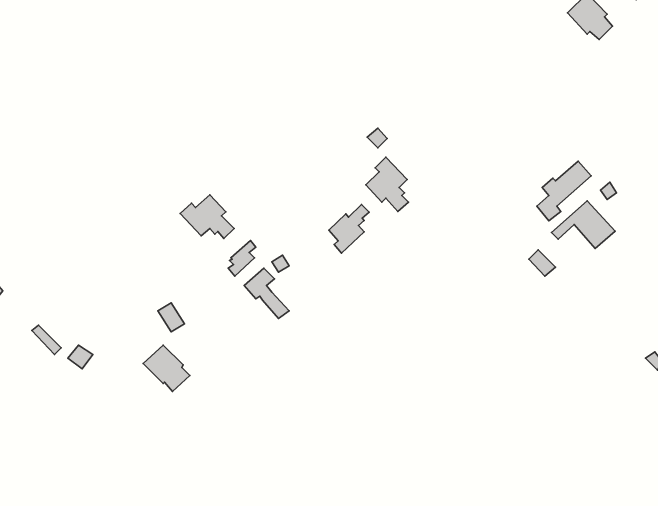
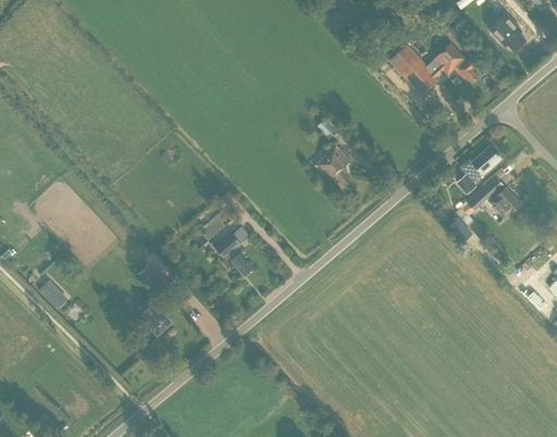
building: none -> [389,42,479,93]
building: [180,195,234,239] -> none
building: [329,205,369,253] -> none

